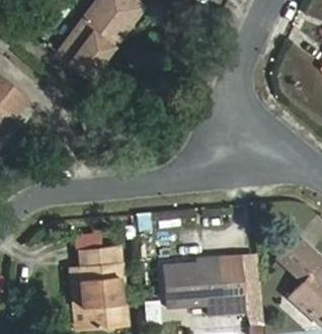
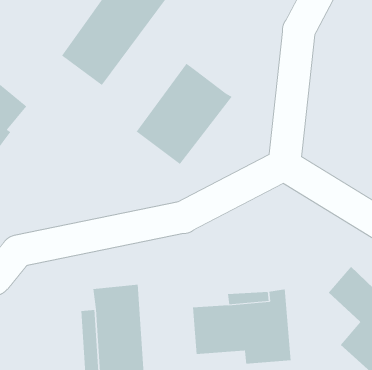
building: none -> [136,63,232,165]

